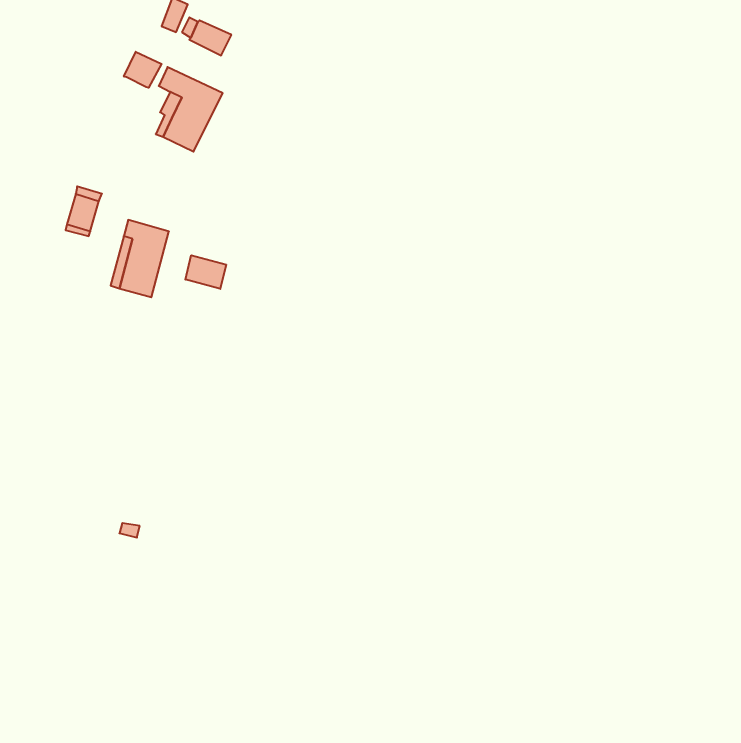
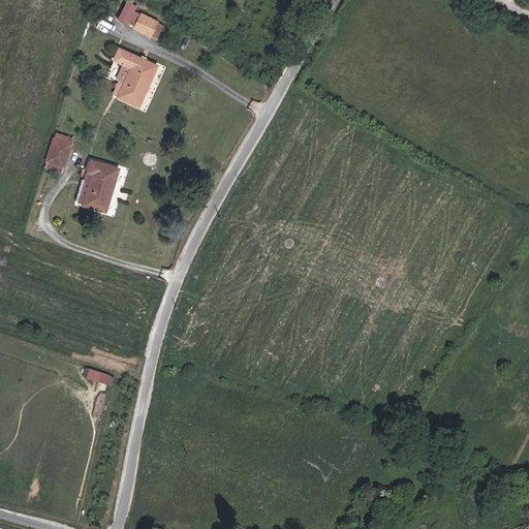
building: [124,52,162,88] -> none
building: [185,255,226,289] -> none

